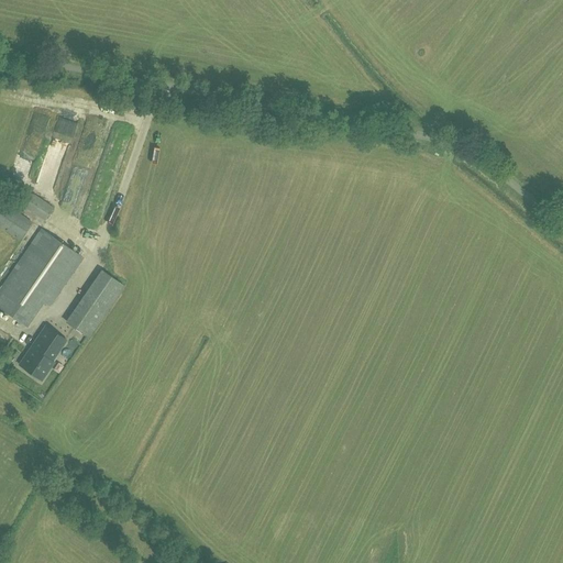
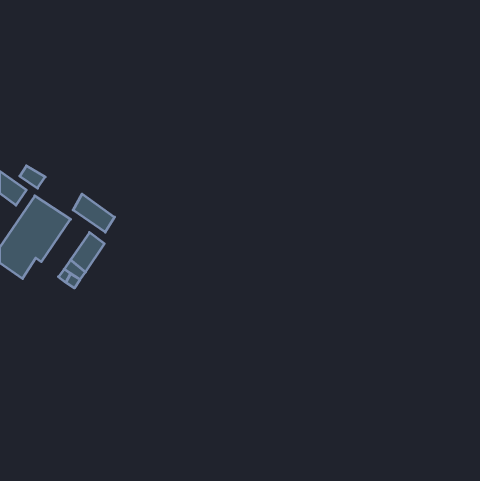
building: none -> [73,194,115,232]
building: [19,325,66,379] -> none

